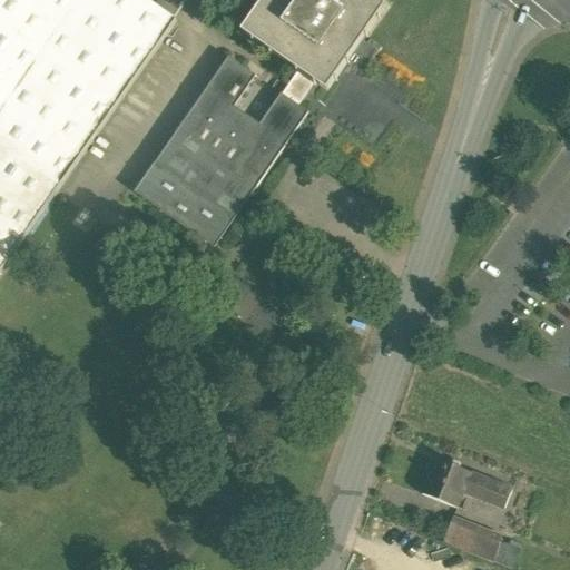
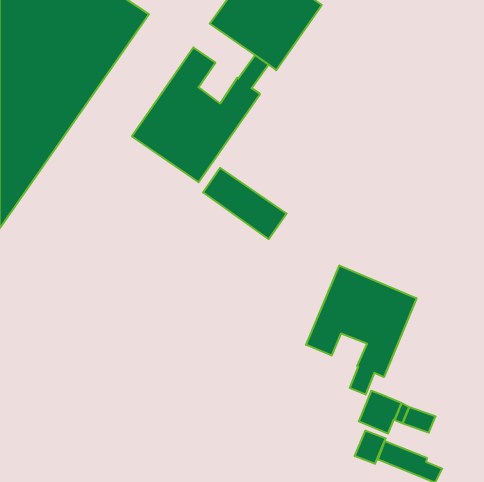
building: [135,160,233,244] -> [203,168,287,239]
building: none -> [306,265,416,395]
building: none -> [355,431,386,464]

